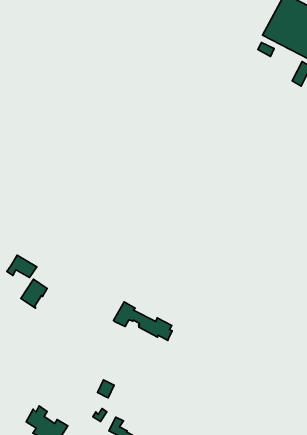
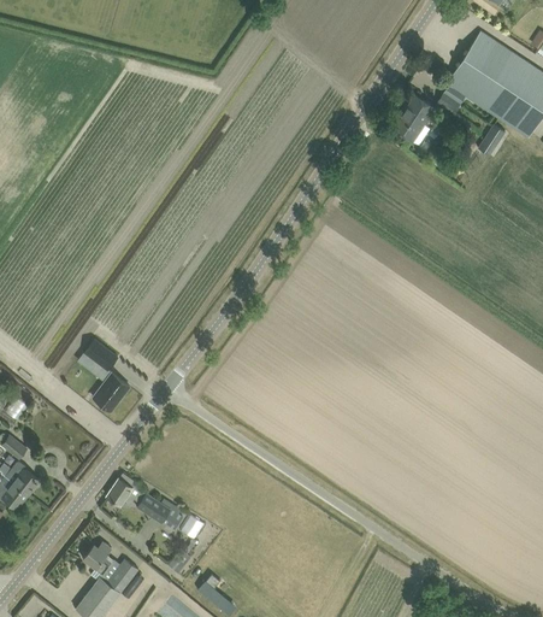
building: none -> [390,96,436,146]
building: [113,302,172,341] -> [106,474,182,530]

